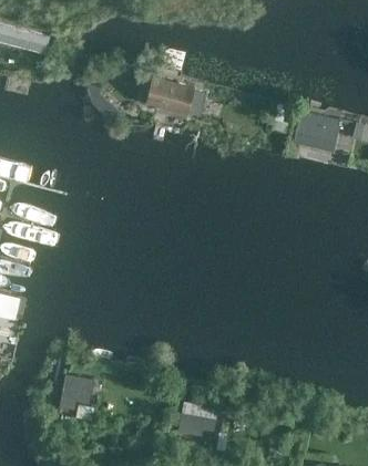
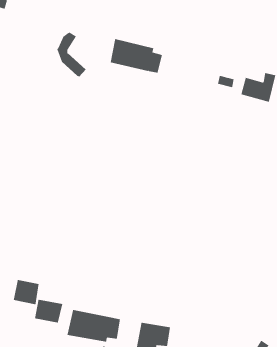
building: none -> [13,279,39,305]
building: none -> [67,309,121,343]

